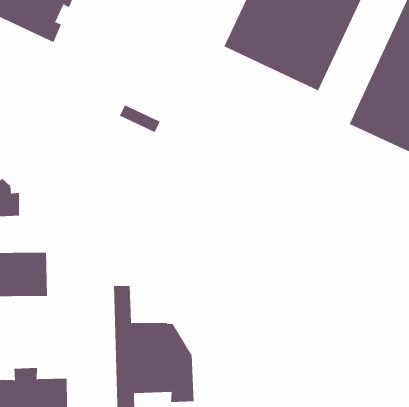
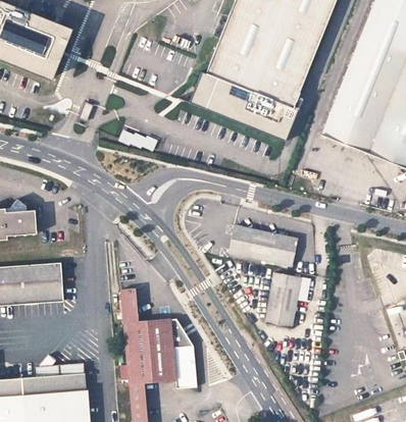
building: none -> [194,72,292,139]
building: none -> [229,225,296,266]
building: none -> [264,273,300,328]

